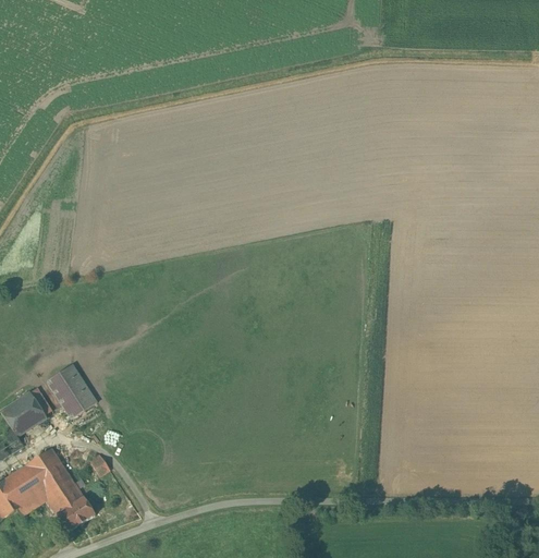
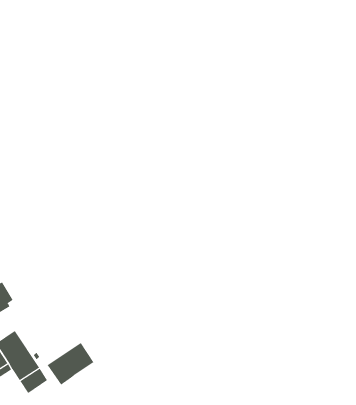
building: [45,361,95,416] -> none
building: none -> [47,342,94,385]

